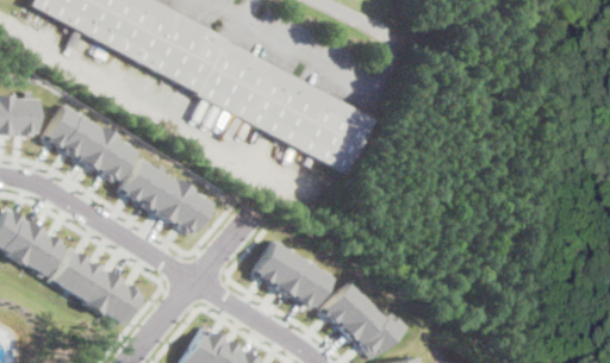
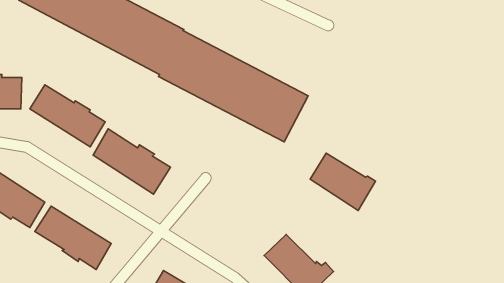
building: [254,240,331,308] -> [310,153,375,210]

